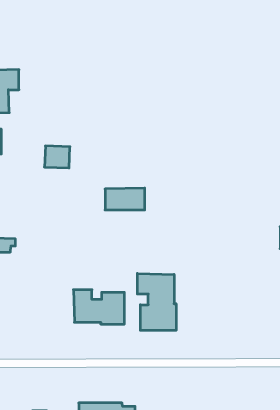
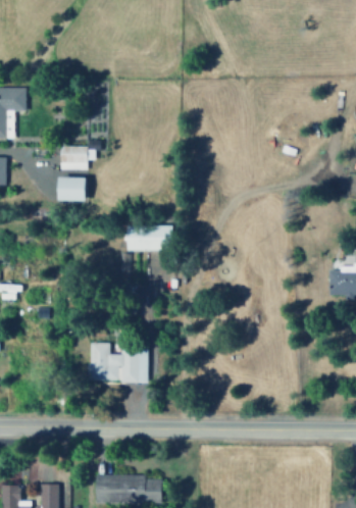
building: none -> [60,146,98,170]
building: [137,273,176,330] -> none

